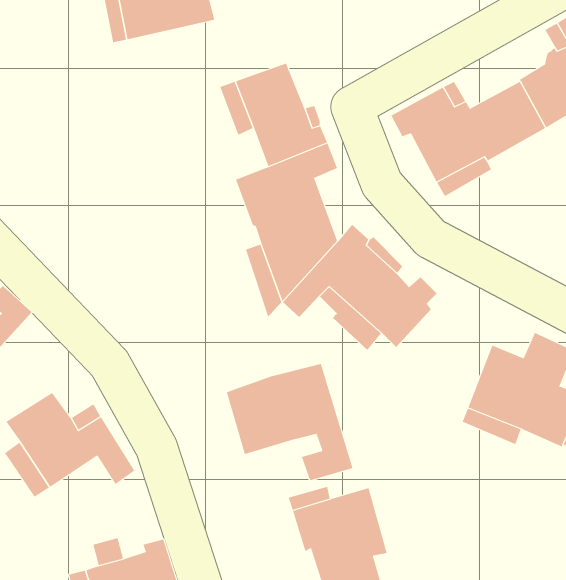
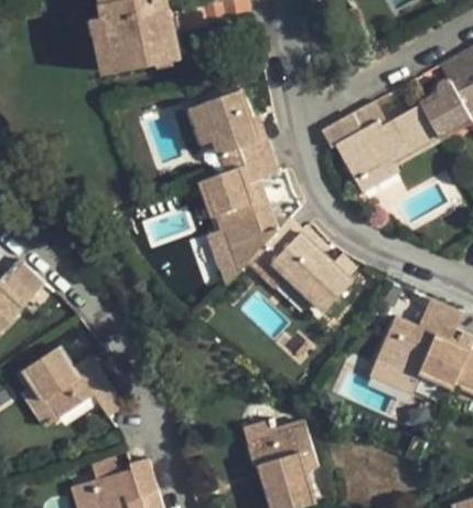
building: [226,363,353,481] -> none

